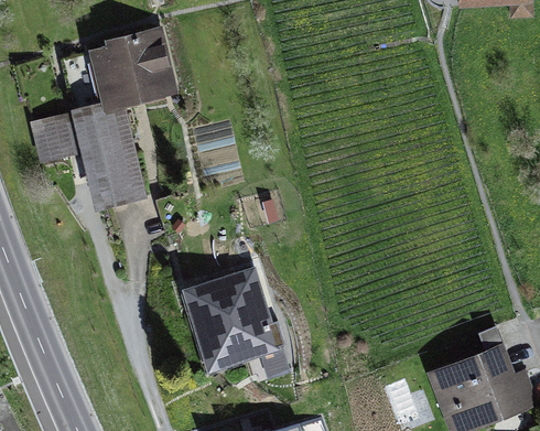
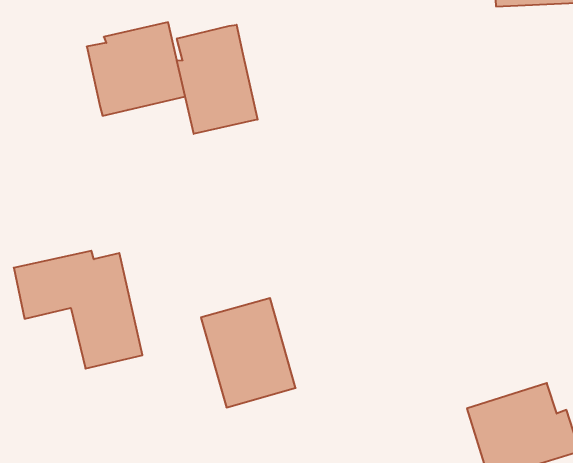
building: none -> [177,25,258,134]
building: [29,99,145,206] -> [14,251,142,369]

